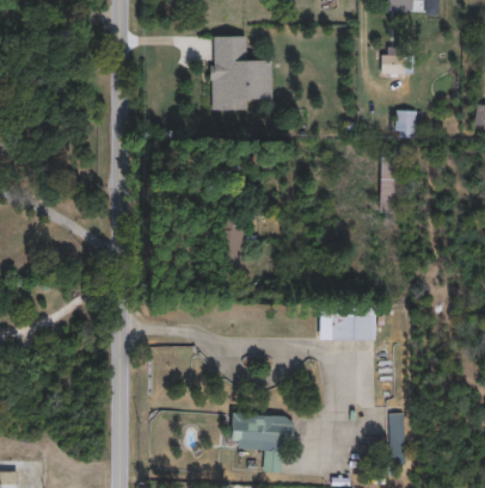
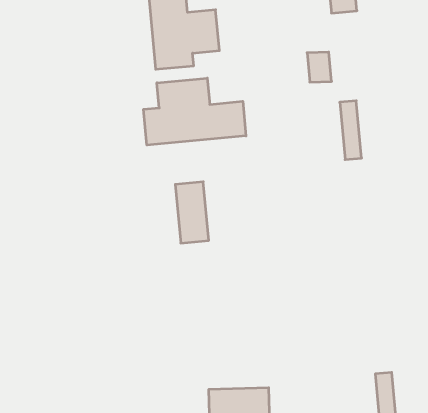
building: [395,110,416,138] -> [307,52,332,82]
building: none -> [144,78,246,145]
building: [319,309,375,340] -> none

